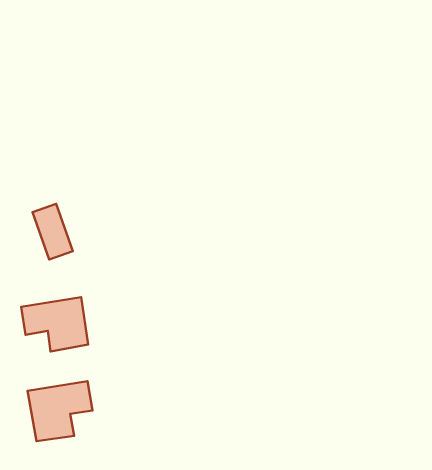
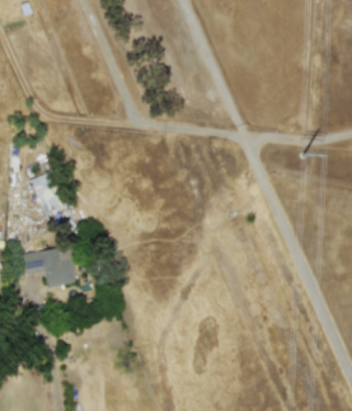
building: [27,381,93,441] -> none

